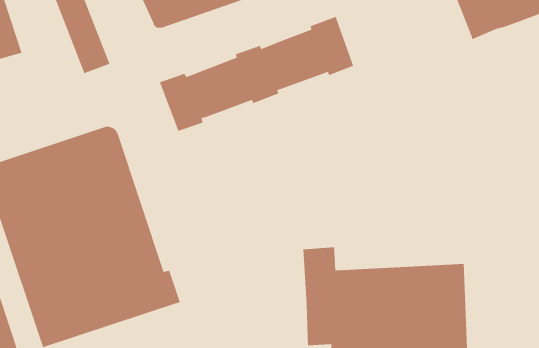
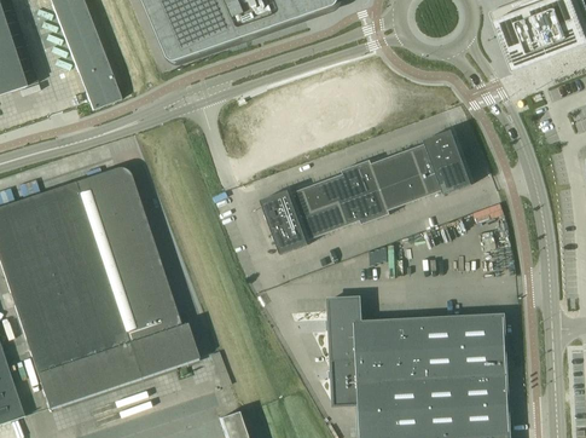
building: [159,16,354,132] -> [261,128,472,254]

